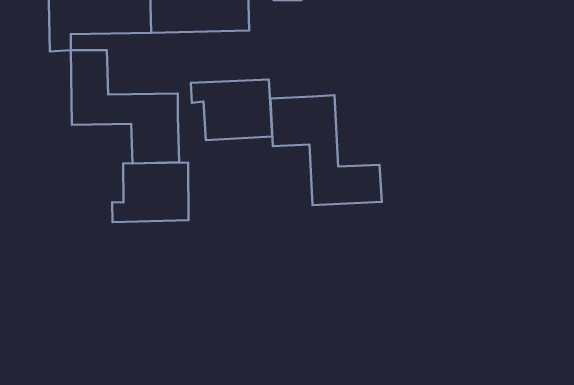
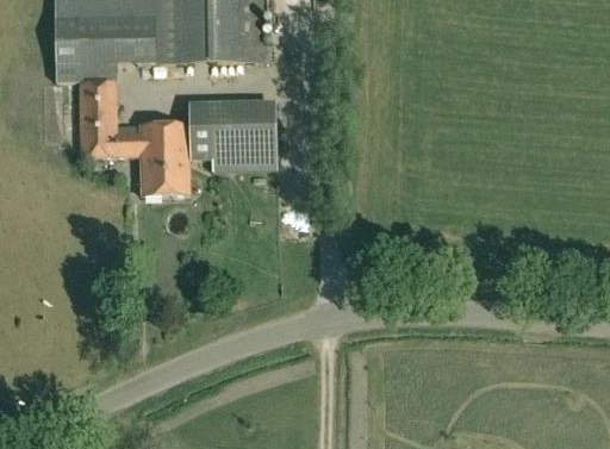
building: [271,95,382,205] -> none
building: [112,162,189,222] -> none

